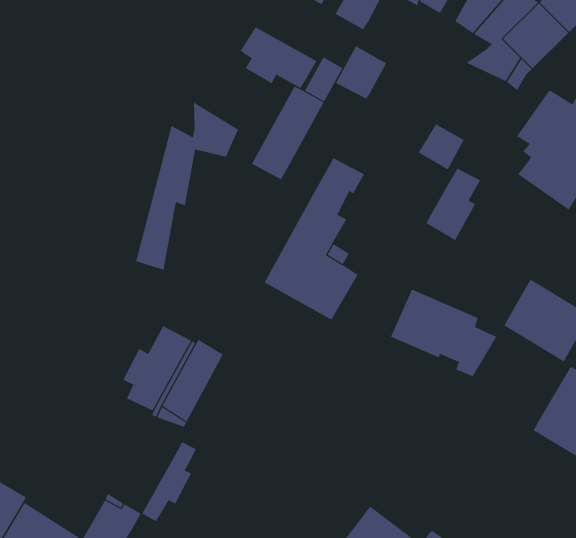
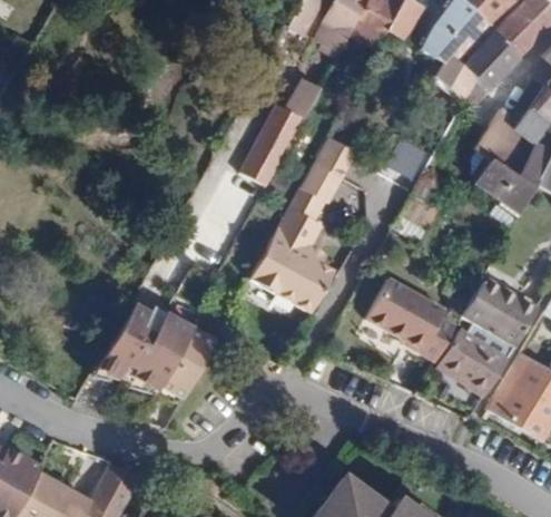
building: [240,26,317,89] -> none
building: [335,45,387,100] -> [312,134,357,182]
building: [135,101,239,270] -> none
building: none -> [439,326,508,398]
building: [141,442,197,522] -> [96,308,145,379]

